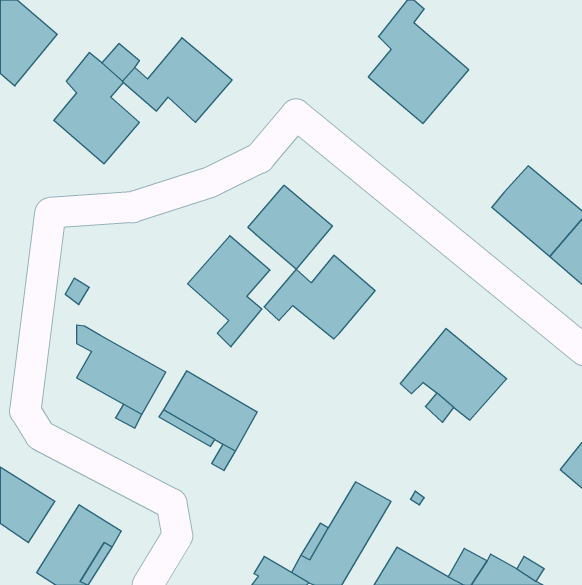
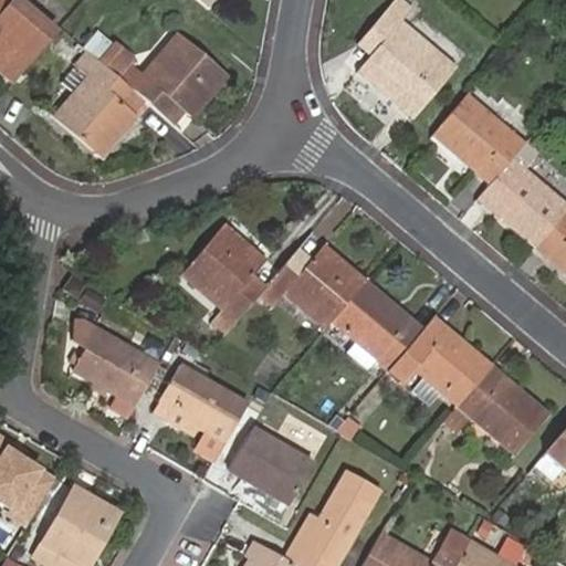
building: none -> [432,95,526,186]
building: [248,185,332,269] -> none
building: none -> [331,281,423,370]
building: none -> [457,366,548,454]
building: none -> [233,423,315,497]

